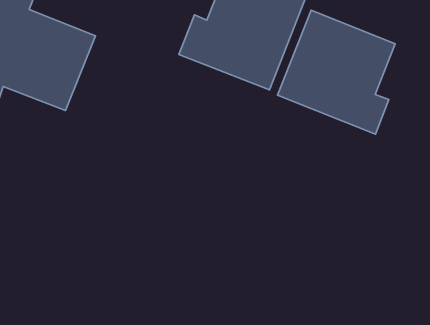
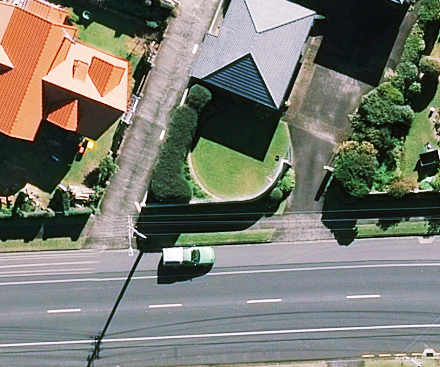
building: [277,10,395,134] -> none

